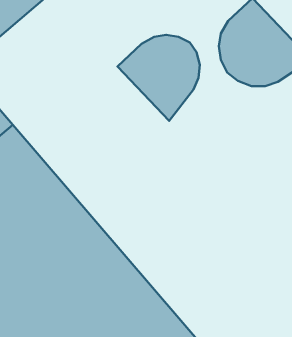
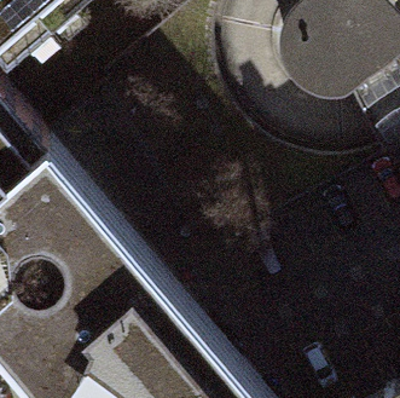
building: [118,35,200,121] -> none

